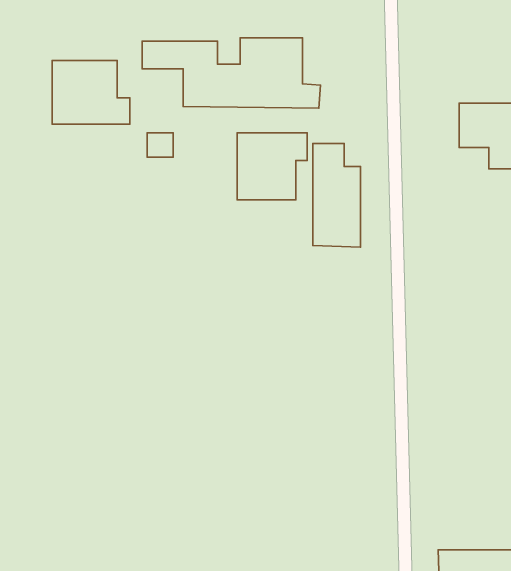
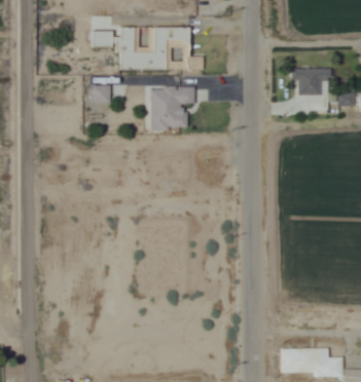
building: [52,60,130,124] -> none
building: [313,144,361,247] -> none

